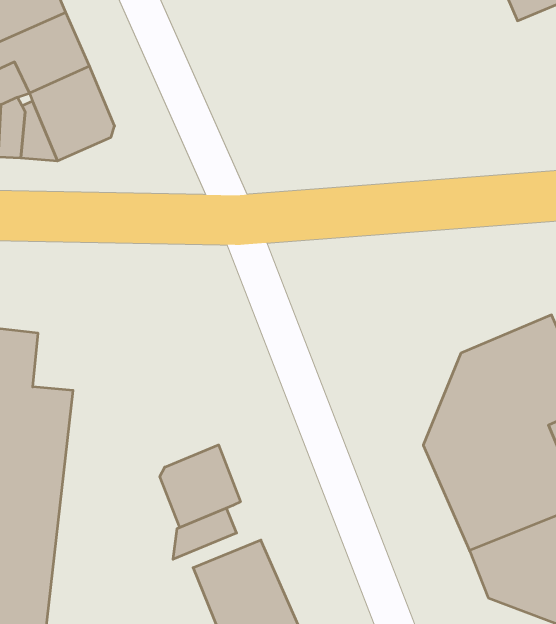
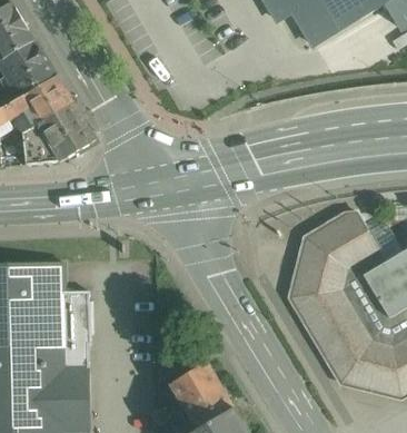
building: [160,445,240,527] -> none

